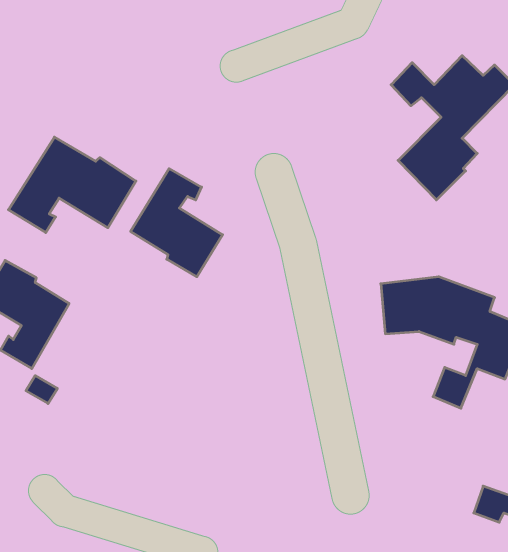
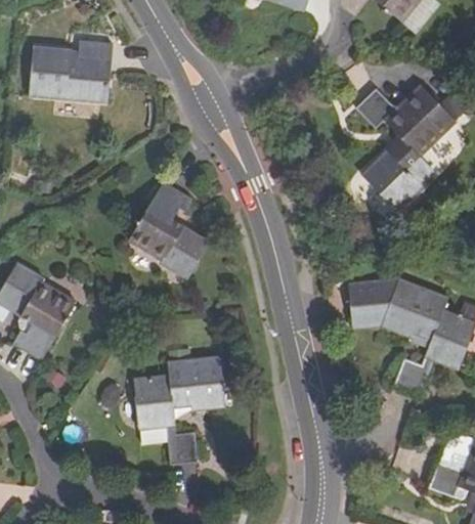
building: none -> [30,42,113,102]
building: [8,137,136,233] -> none
building: none -> [134,355,223,463]

